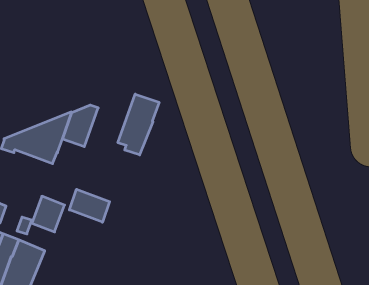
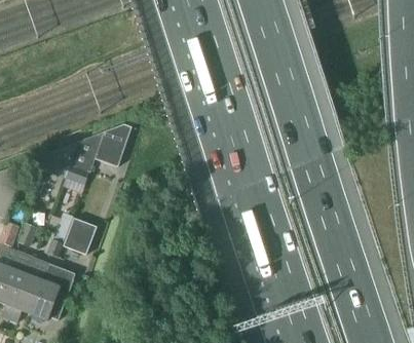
building: [118,94,159,155] -> none
building: [69,189,110,222] -> none

